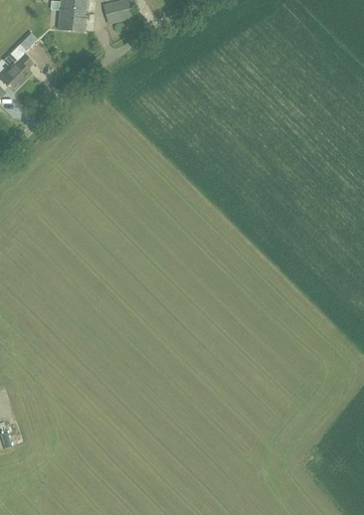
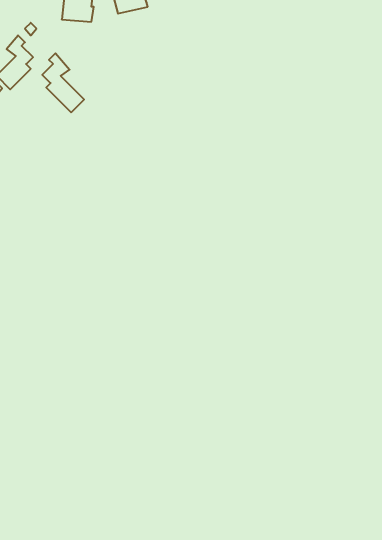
building: none -> [42,53,84,112]

